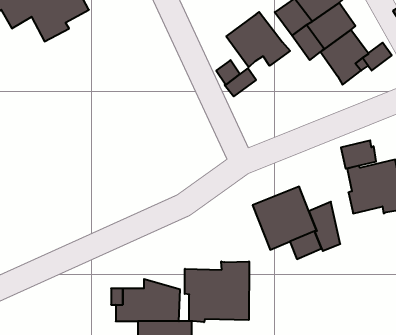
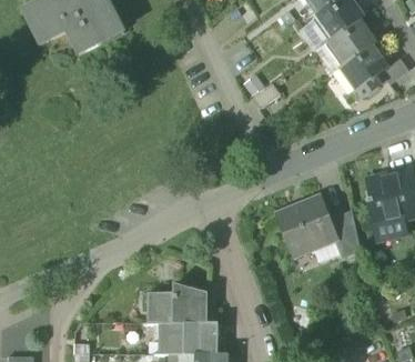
building: [226,12,290,67] -> none
building: [341,140,376,169] -> [373,212,406,239]
building: [185,261,249,322] -> none

